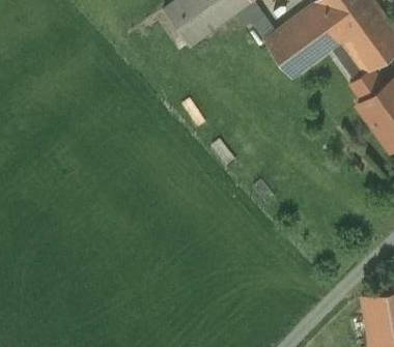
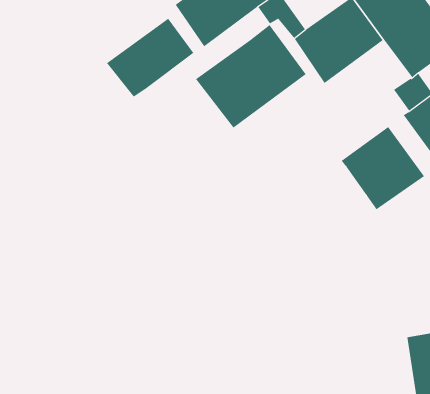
building: none -> [106,18,194,97]
building: none -> [195,24,306,128]
building: none -> [341,126,425,210]

